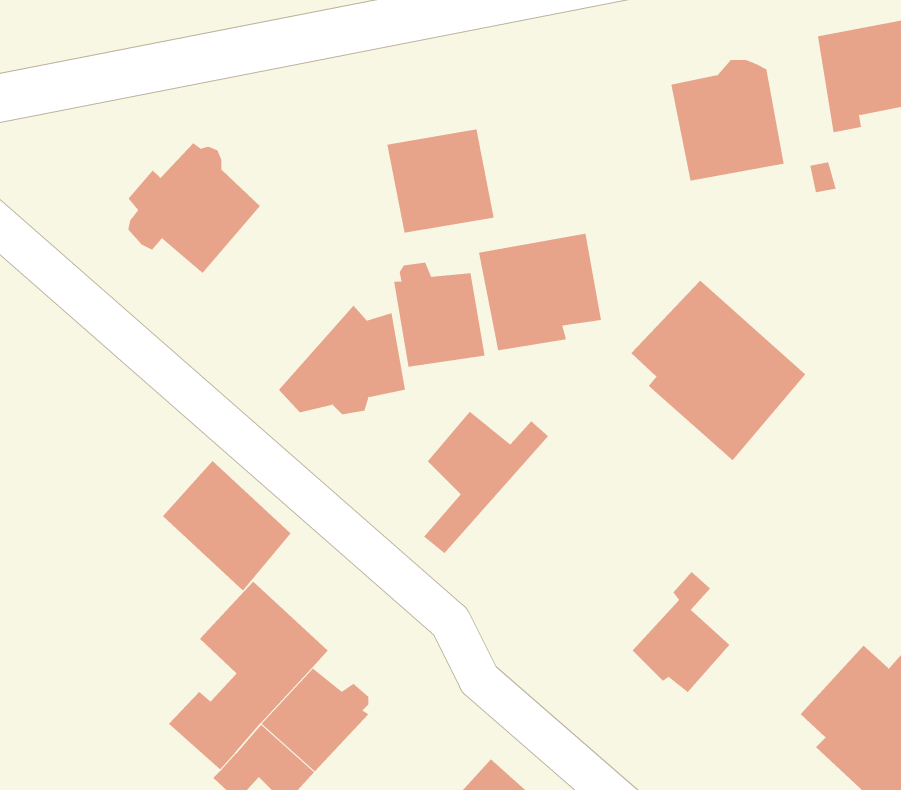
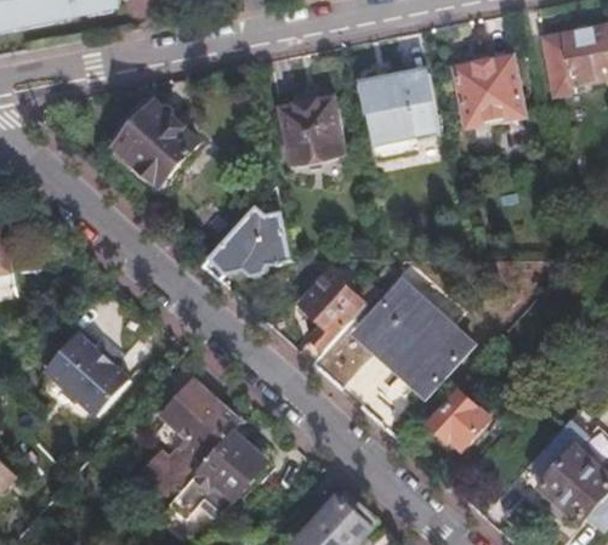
building: [478,233,602,351] -> [359,73,437,147]
building: [393,262,485,367] -> none
building: [630,280,806,461] -> [362,283,472,397]
building: [162,460,292,591] -> [42,333,124,415]

